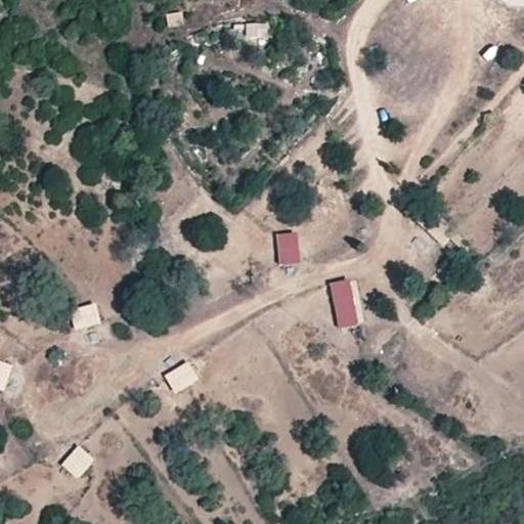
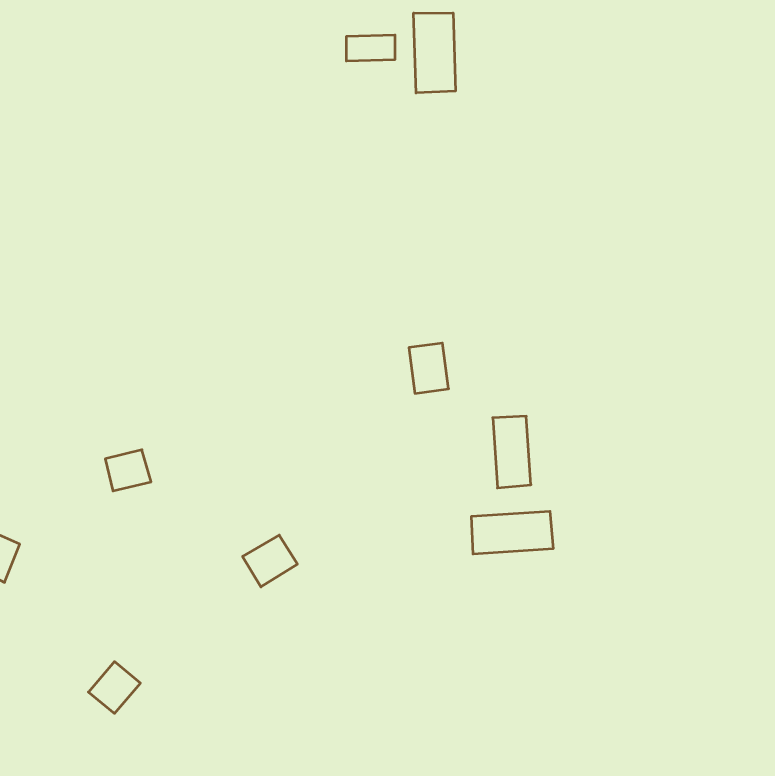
building: none -> [414,13,455,93]
building: none -> [472,511,553,554]

